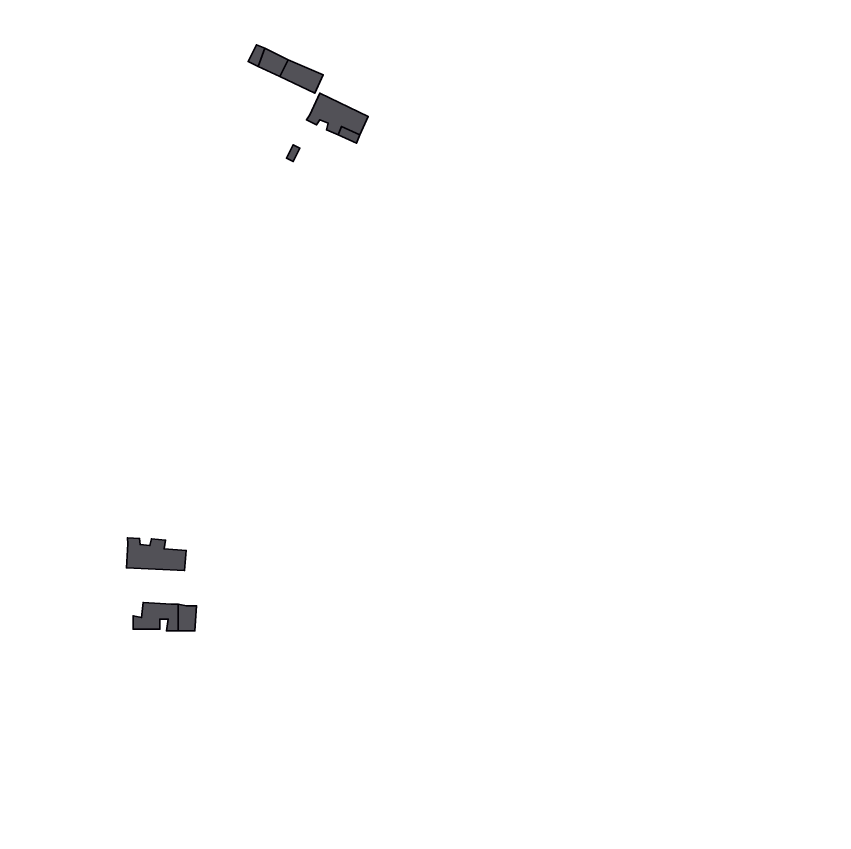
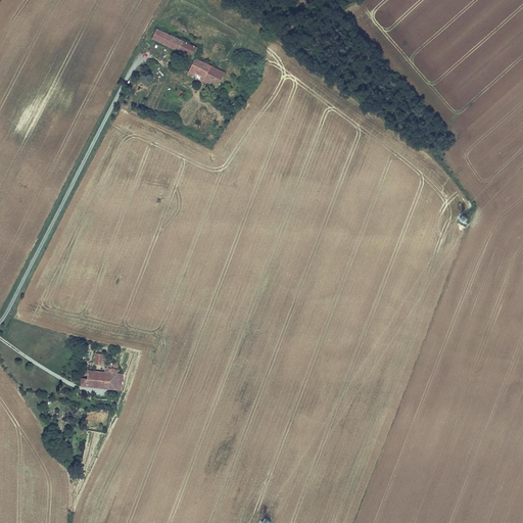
building: [126,538,186,570] -> none

